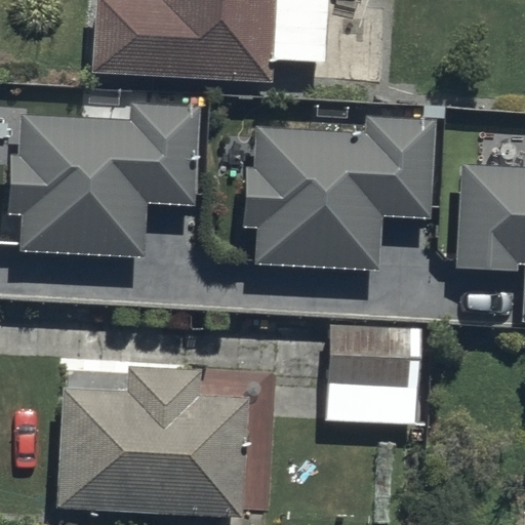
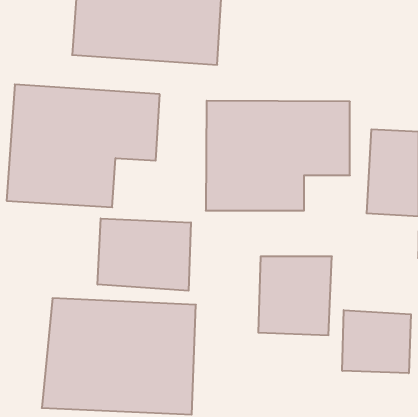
building: none -> [98,218,191,291]
building: none -> [342,310,411,373]

